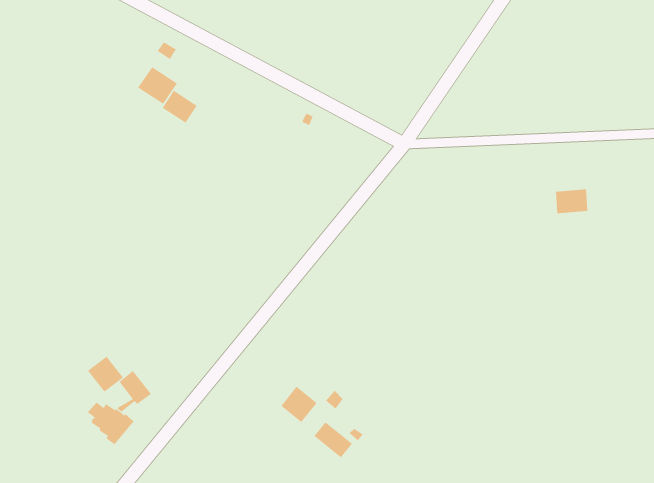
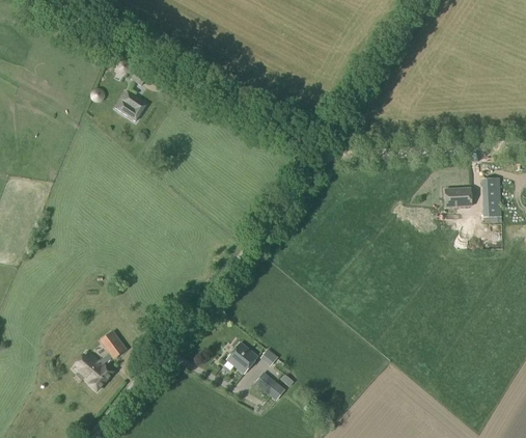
building: [162,90,197,124] -> none
building: none -> [481,177,500,222]
building: [87,356,124,393] -> none

